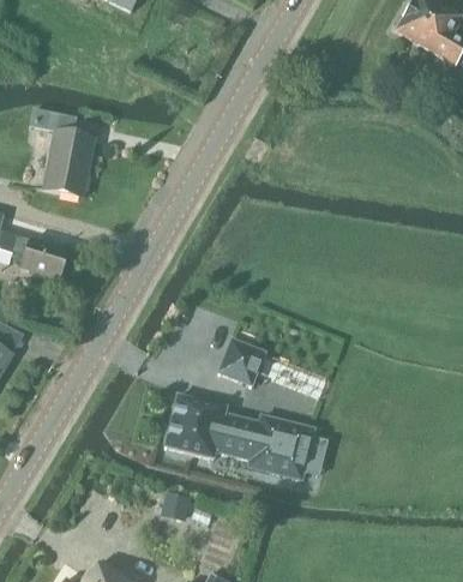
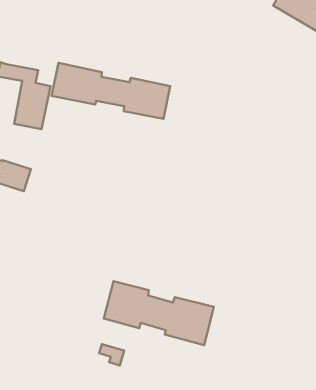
building: none -> [51,63,170,119]
building: [218,338,264,384] -> none

